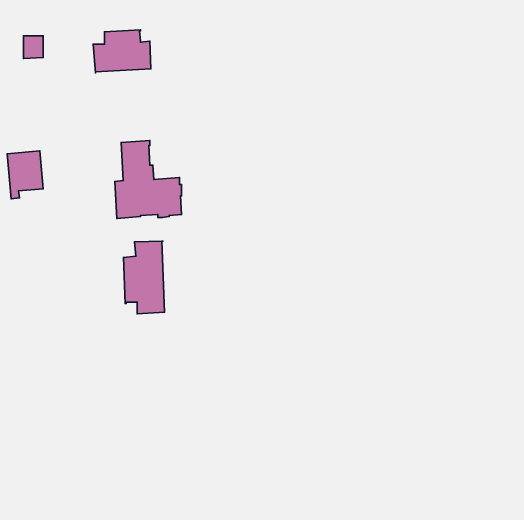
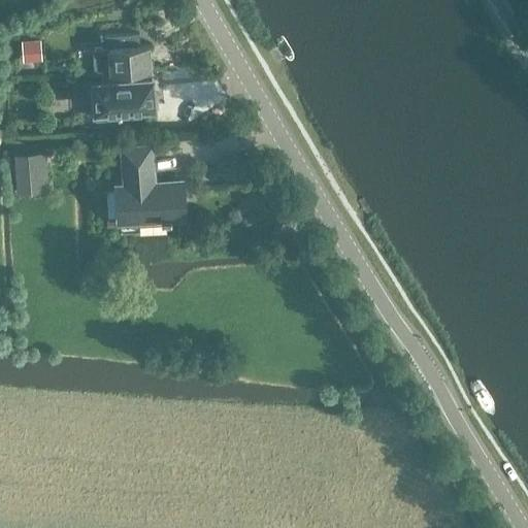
building: none -> [94,81,158,122]
building: [124,241,164,314] -> none

